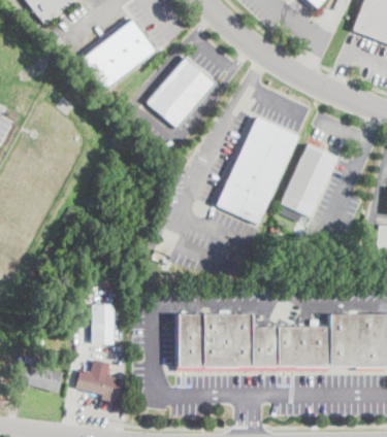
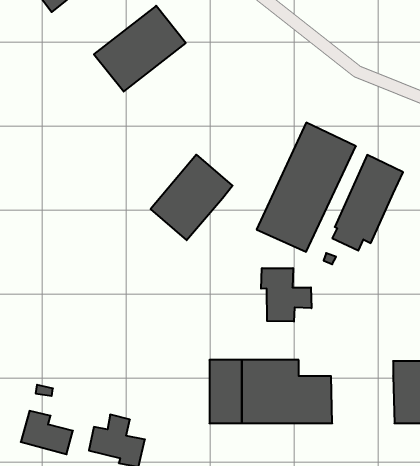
building: [148,58,216,129] -> [151,155,233,240]
building: none -> [261,268,311,322]
building: [92,304,115,343] -> none
building: [278,327,330,366] -> none

